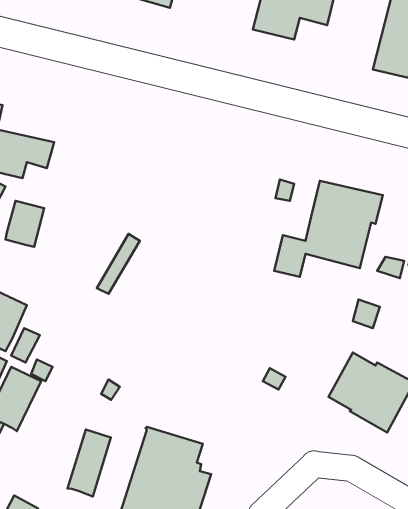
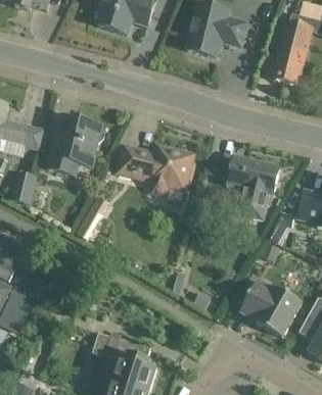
building: none -> [47,119,101,175]
building: none -> [118,145,192,195]
building: [68,430,111,496] -> none

